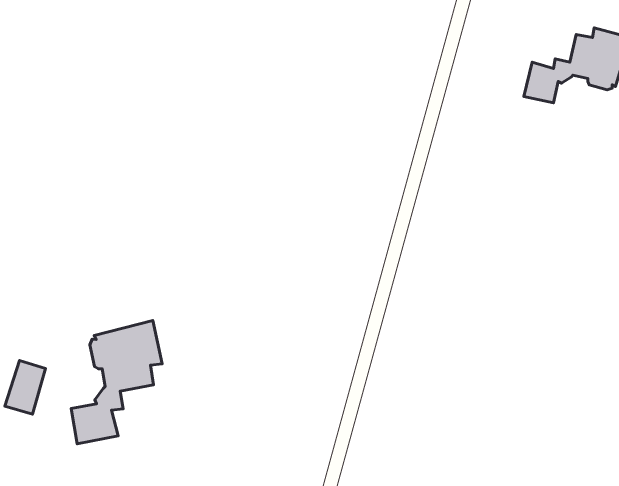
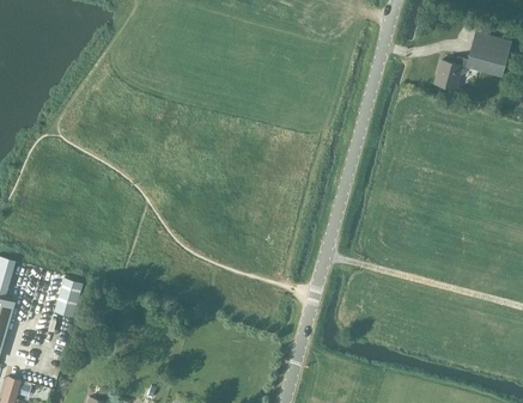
building: [71,321,162,444] -> none

